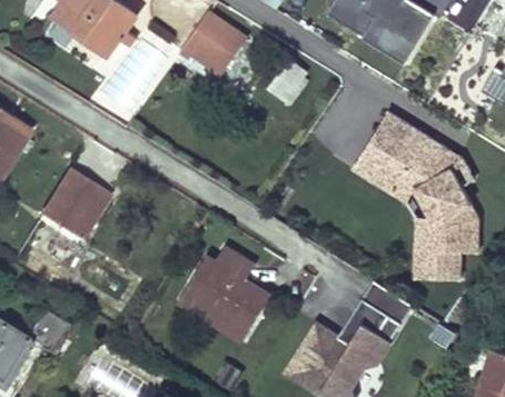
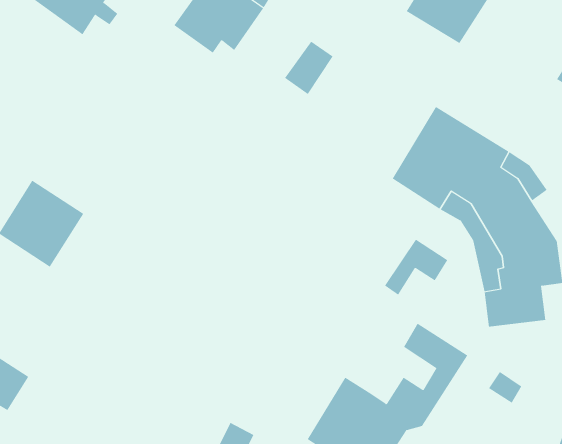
building: [185,247,269,339] -> none
building: [336,300,386,345] -> [384,239,448,295]

